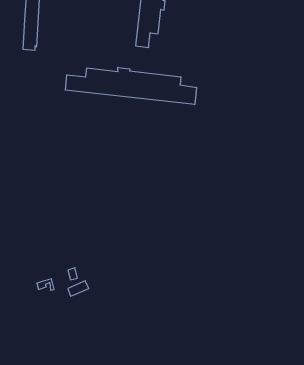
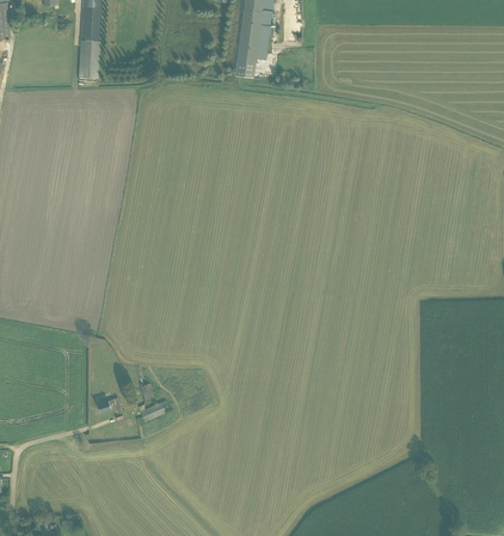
building: [65,67,197,105] -> none

